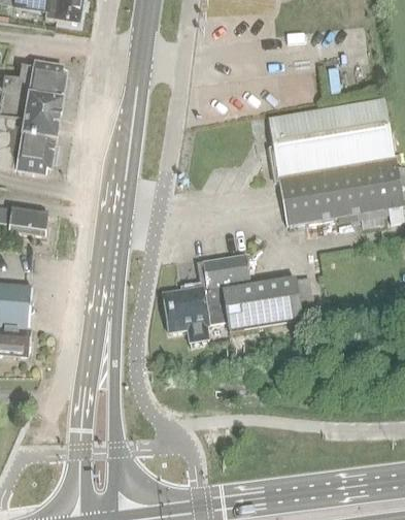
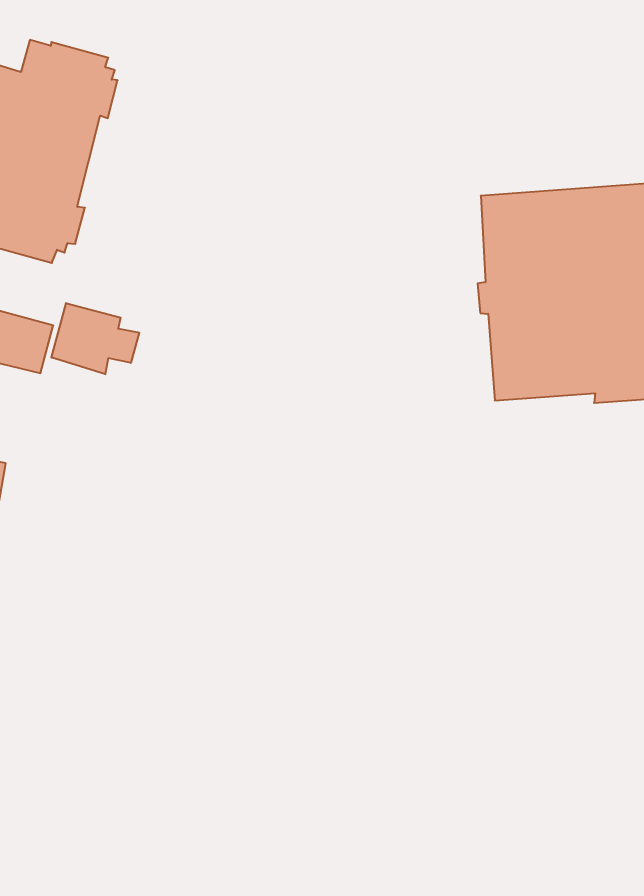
building: none -> [51,303,139,374]
building: [163,254,315,346] -> none

